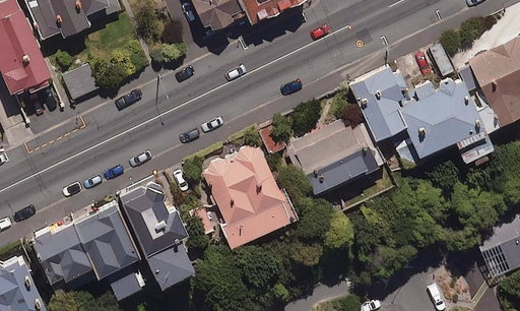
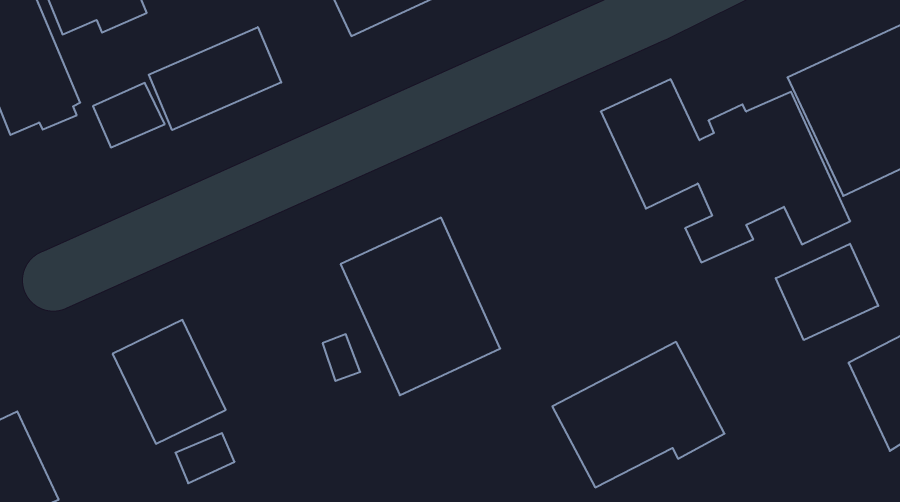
building: none -> [149,27,281,130]
building: [286,112,384,194] -> [552,342,725,487]
building: none -> [776,244,878,340]
building: [118,182,190,284] -> none
building: [30,223,96,293] -> none

